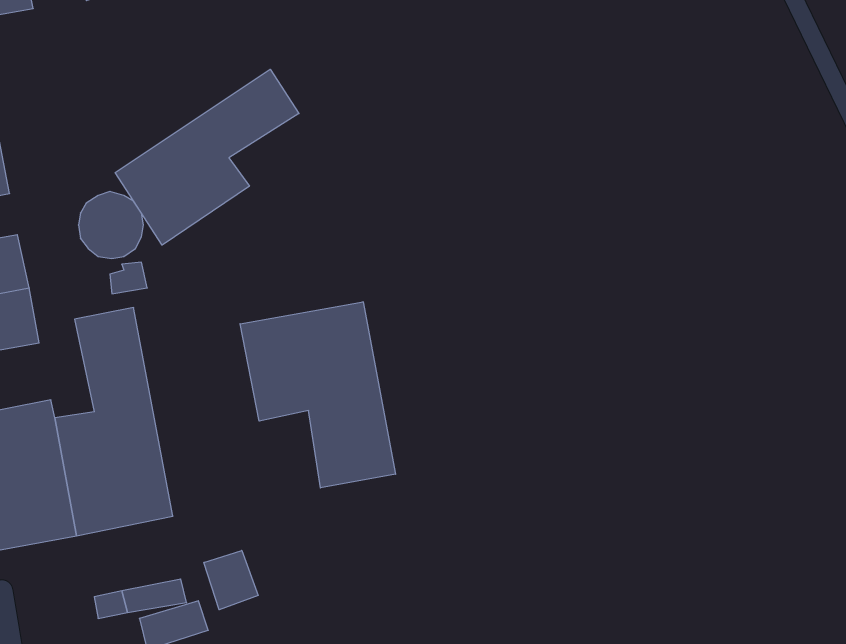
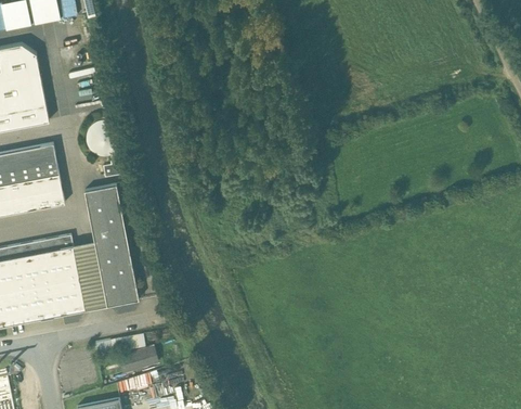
building: [115,69,299,245] -> none
building: [240,302,396,488] -> none
building: [204,550,258,610] -> none

